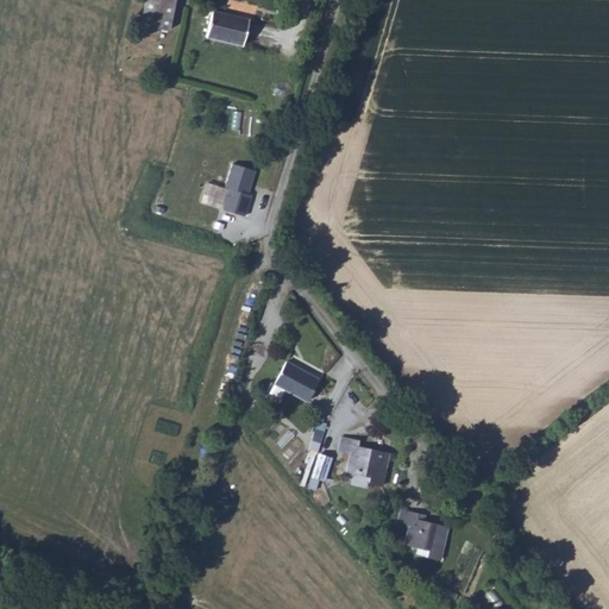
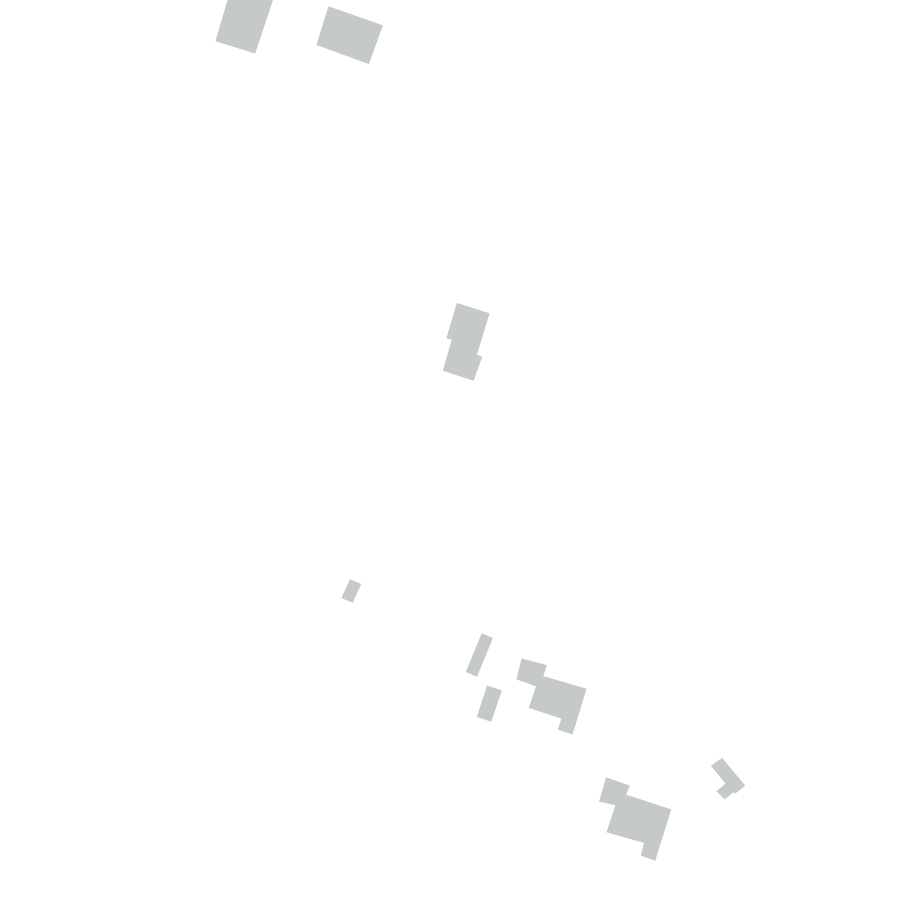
building: [224,155,256,207] -> [442,302,490,382]
building: [278,368,322,402] -> none

